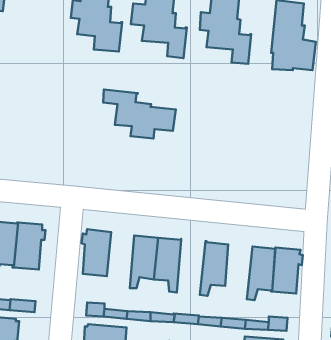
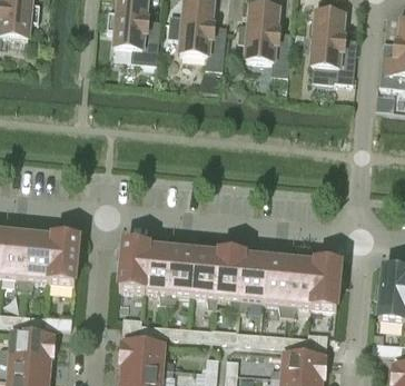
building: [103,90,176,139] -> none
building: none -> [145,241,172,298]
building: none -> [216,248,245,305]
building: none -> [265,254,293,309]

